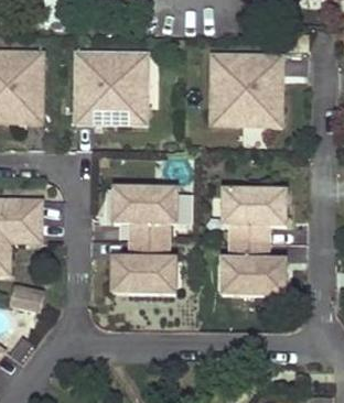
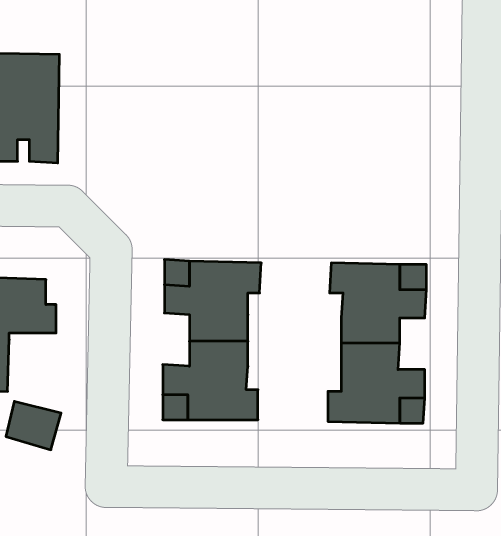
building: [74,51,146,123] -> none
building: [209,53,281,126] -> none

